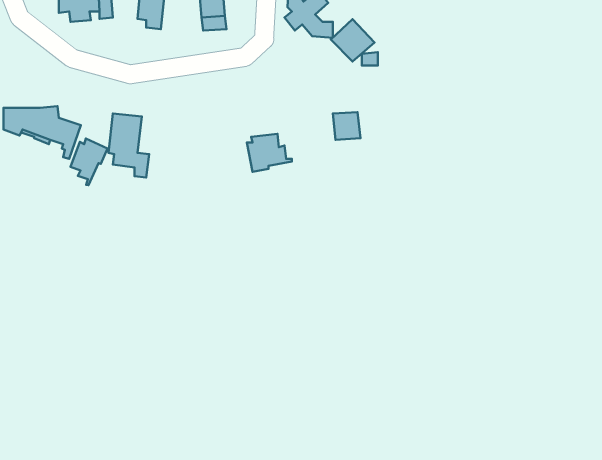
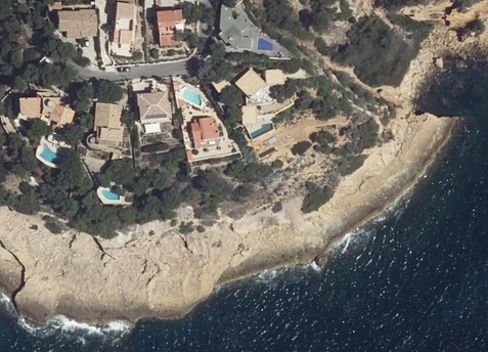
building: [331,19,374,61] -> [234,68,265,97]
building: none -> [136,90,171,119]
building: [70,139,108,185] -> none

